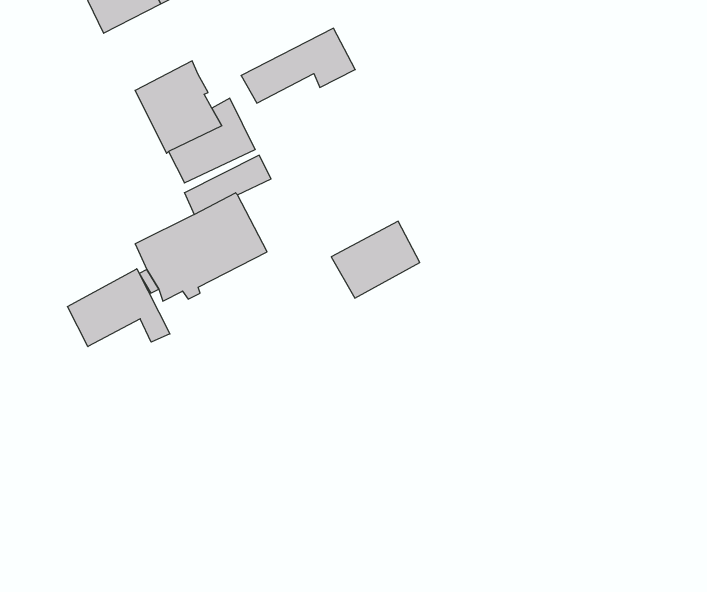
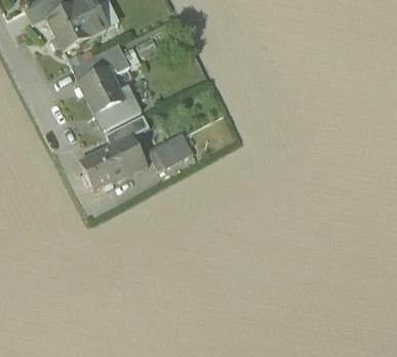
building: [241,28,355,103] -> [71,42,130,81]
building: [331,221,420,298] -> [147,131,193,171]
building: [67,269,170,347] -> none

